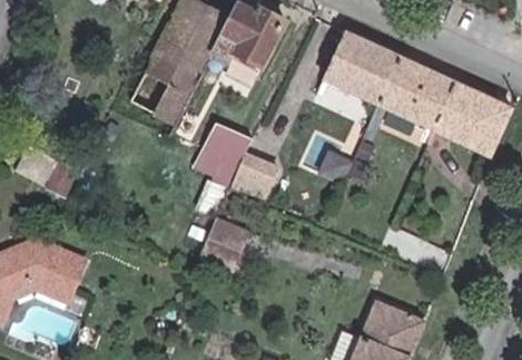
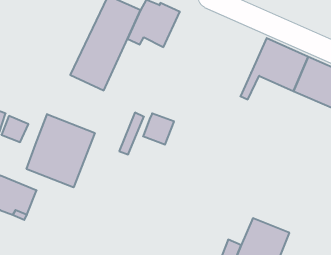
building: [321,31,396,101] -> none
building: [201,120,249,165] -> none
building: none -> [27,114,95,187]
building: [199,215,250,270] -> none

